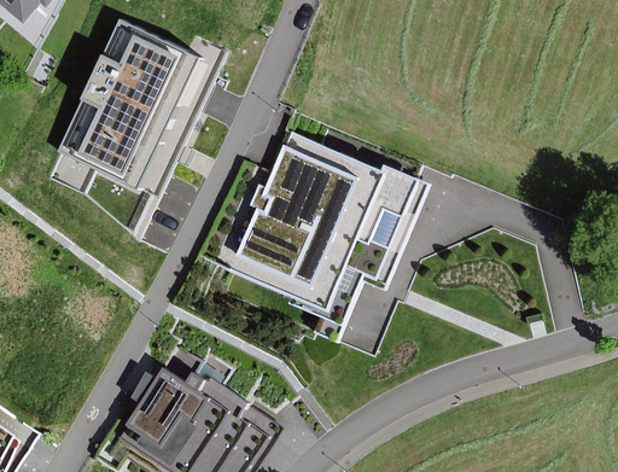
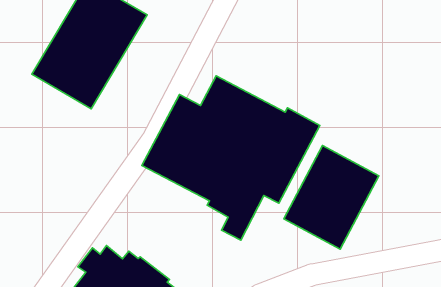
building: none -> [284,146,379,249]

